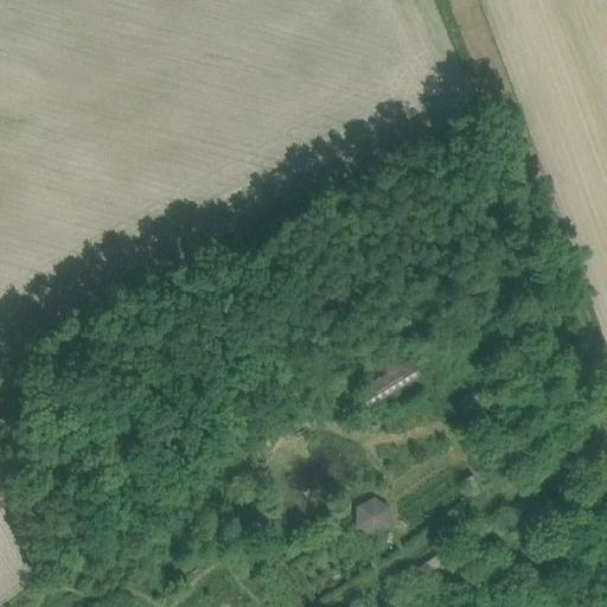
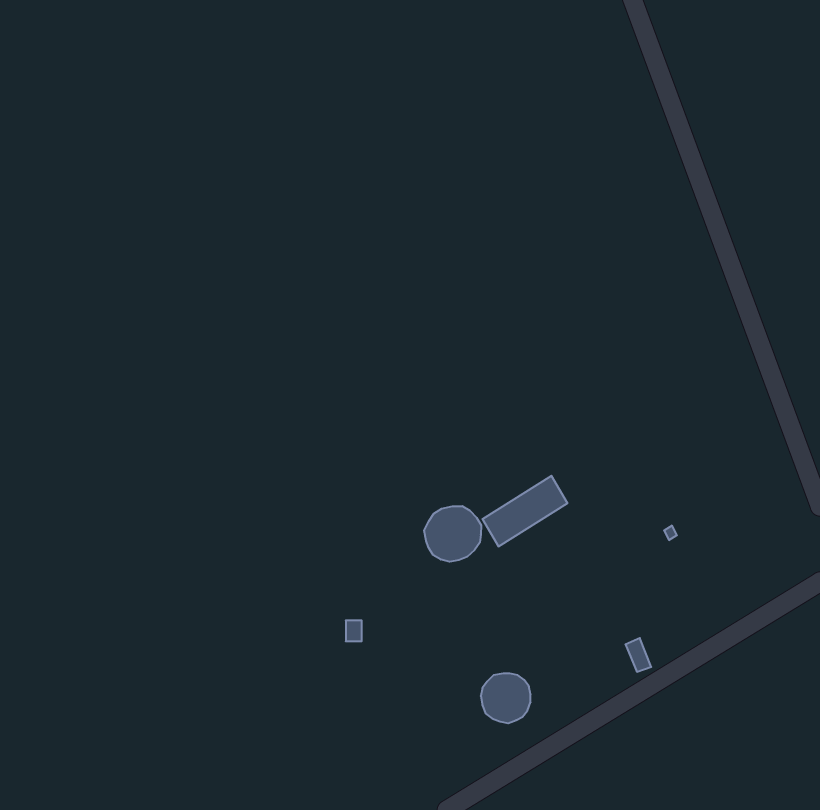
building: none -> [424,506,481,562]

